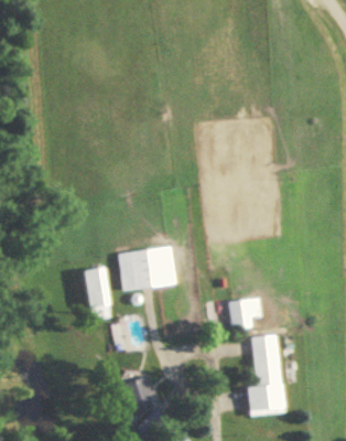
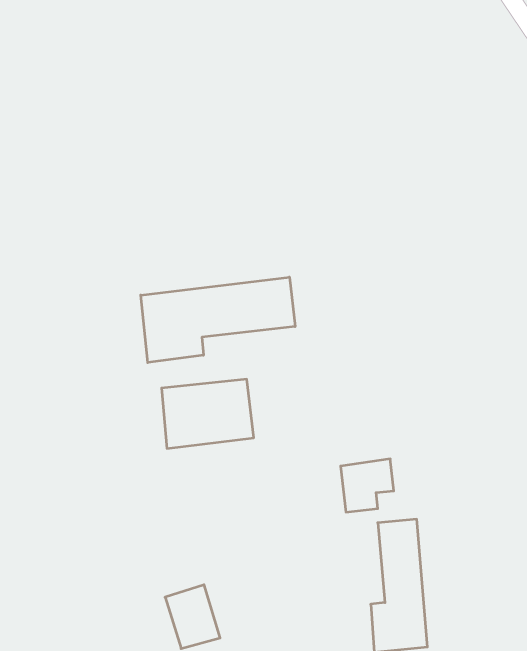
building: none -> [141,277,295,363]
building: [84,268,110,320] -> none

